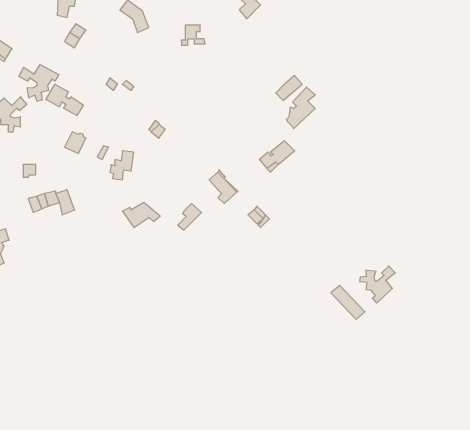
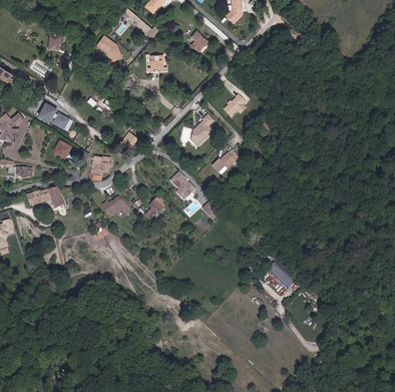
building: [19,65,59,101] -> none
building: [286,87,315,129] -> [189,114,213,147]
building: [360,266,395,303] -> none

